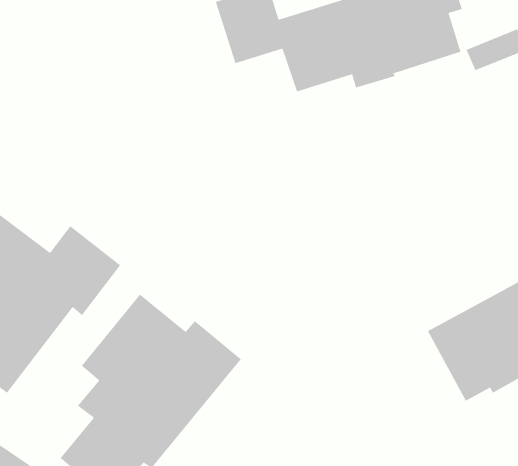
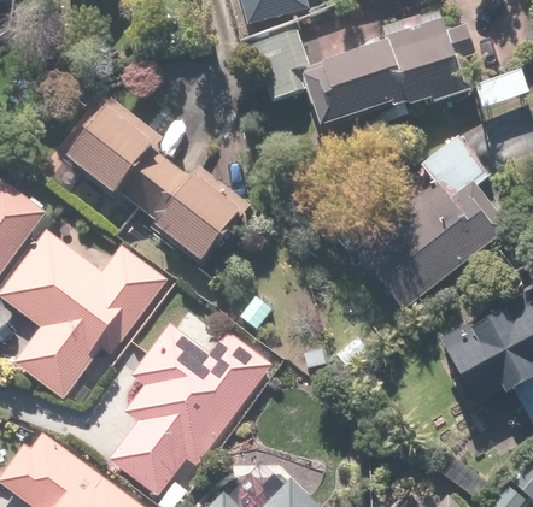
building: none -> [63,101,251,266]
building: none -> [358,137,508,307]

